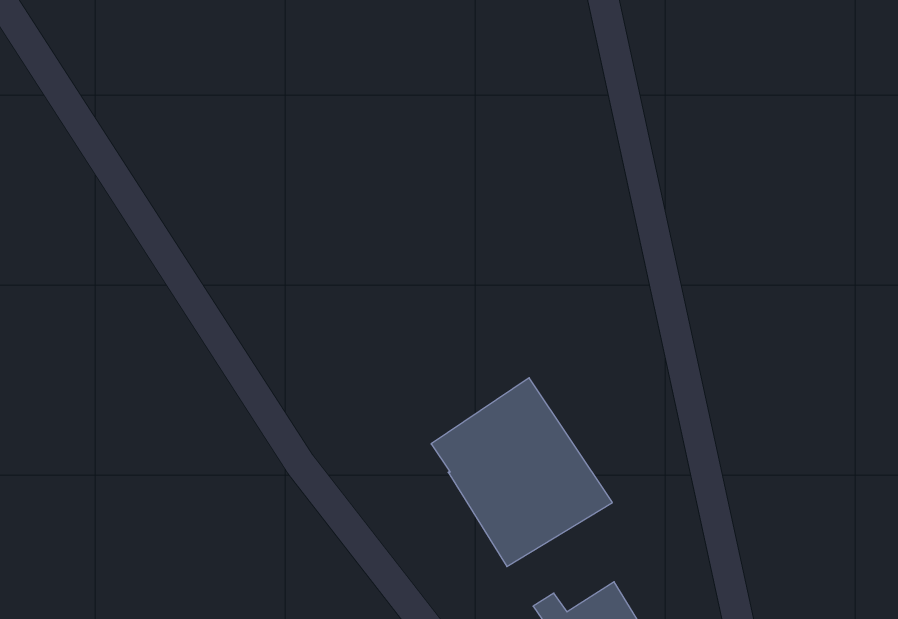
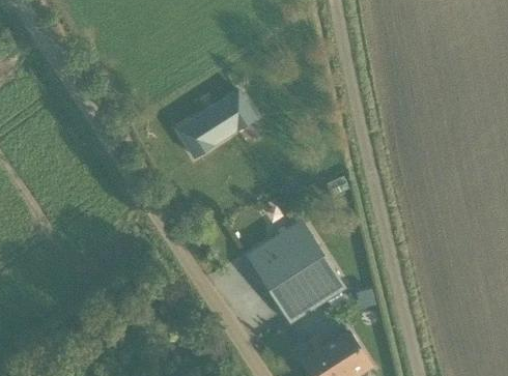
building: none -> [177,92,256,160]

